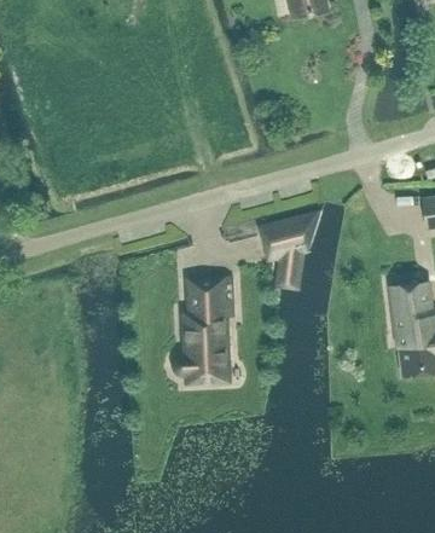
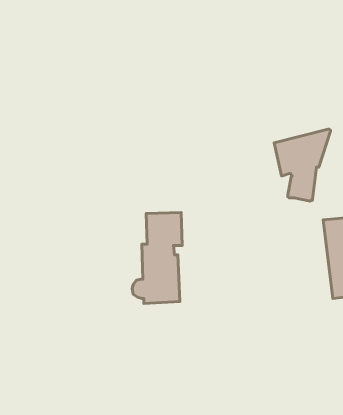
building: [256,208,320,290] -> [274,129,330,201]

